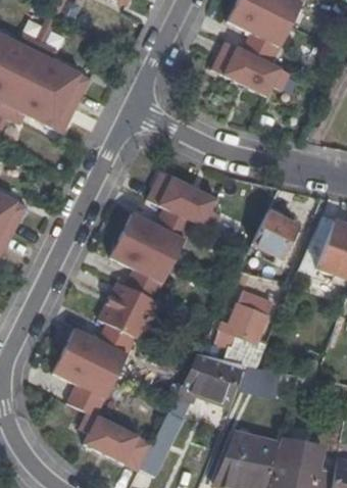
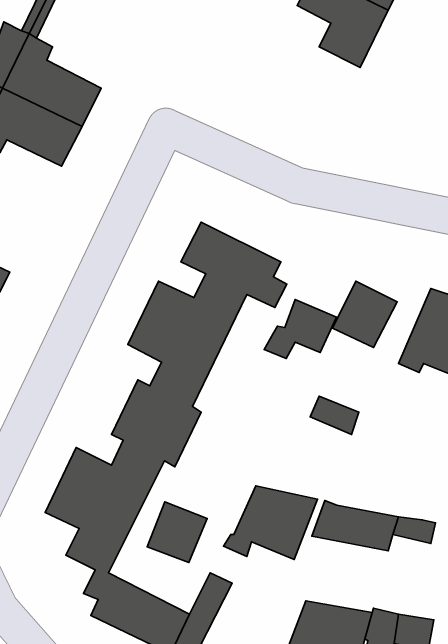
building: [212,40,291,95] -> none
building: [215,305,265,346] -> [264,299,336,358]
building: none -> [147,502,207,562]

